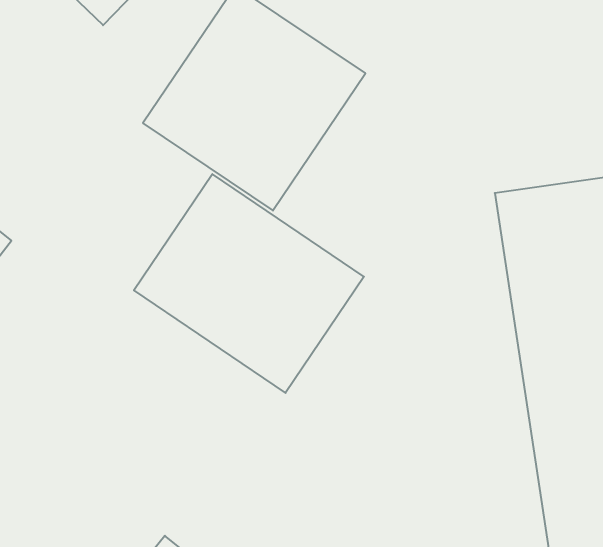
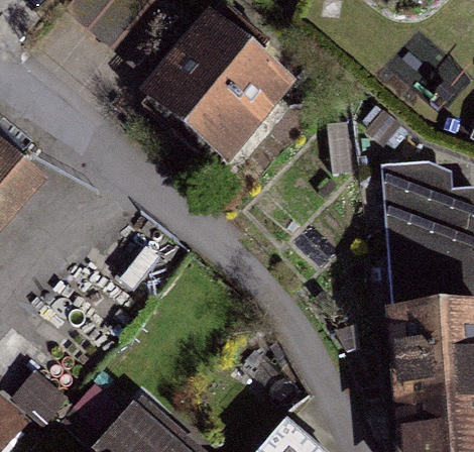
building: [134,174,364,393] -> none

